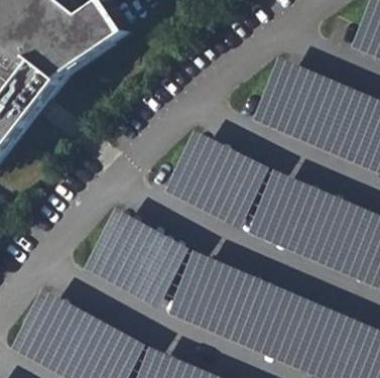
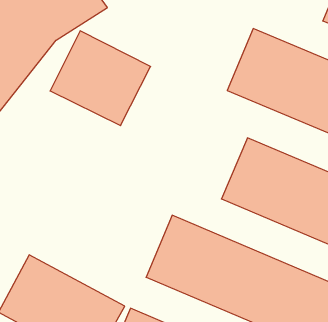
building: [165,130,270,229] -> [50,31,151,126]
building: [87,210,191,308] -> none

